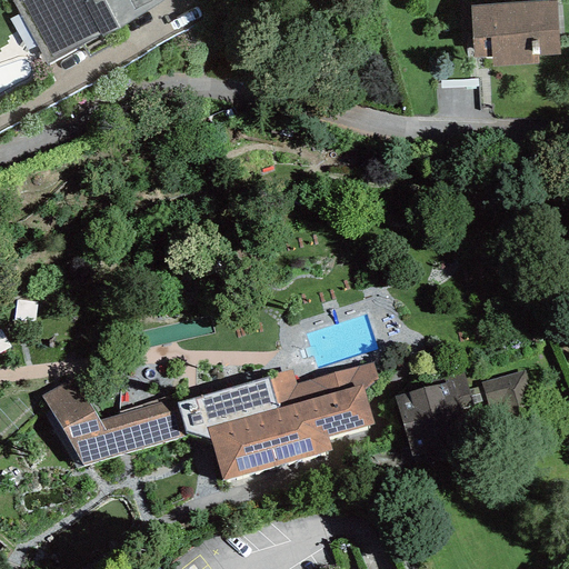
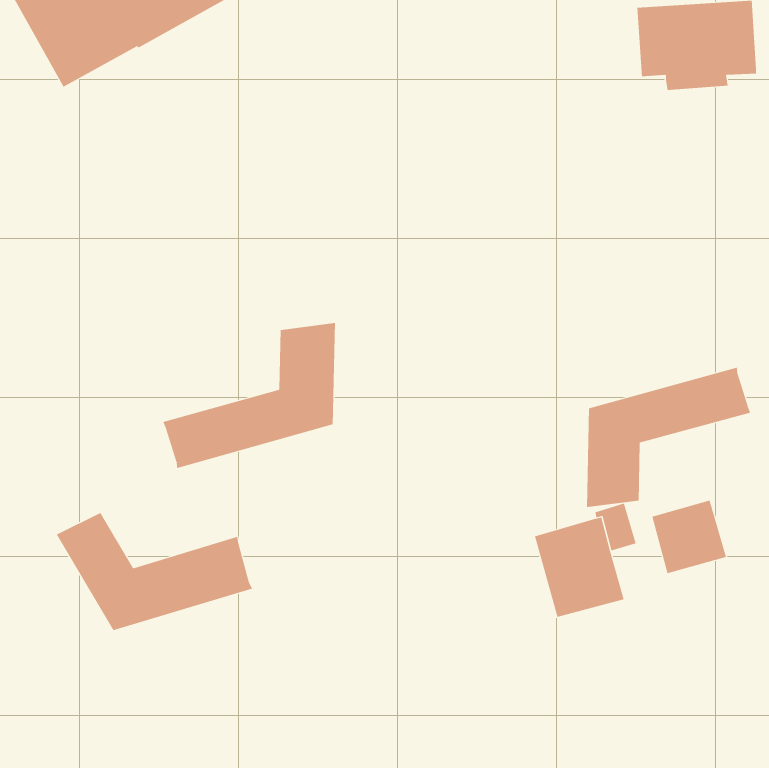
building: none -> [163,322,336,469]
building: none -> [586,367,751,508]
building: [177,361,377,480] -> none

